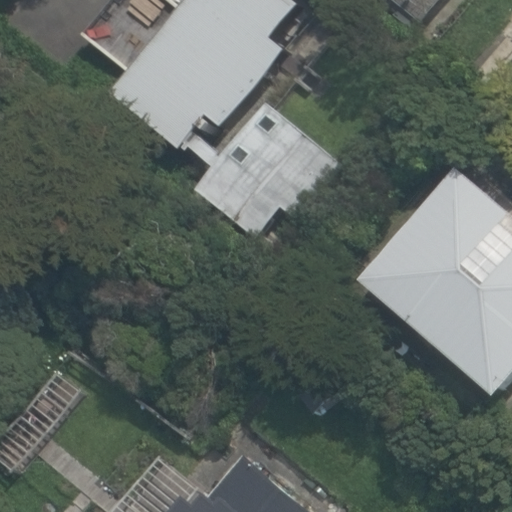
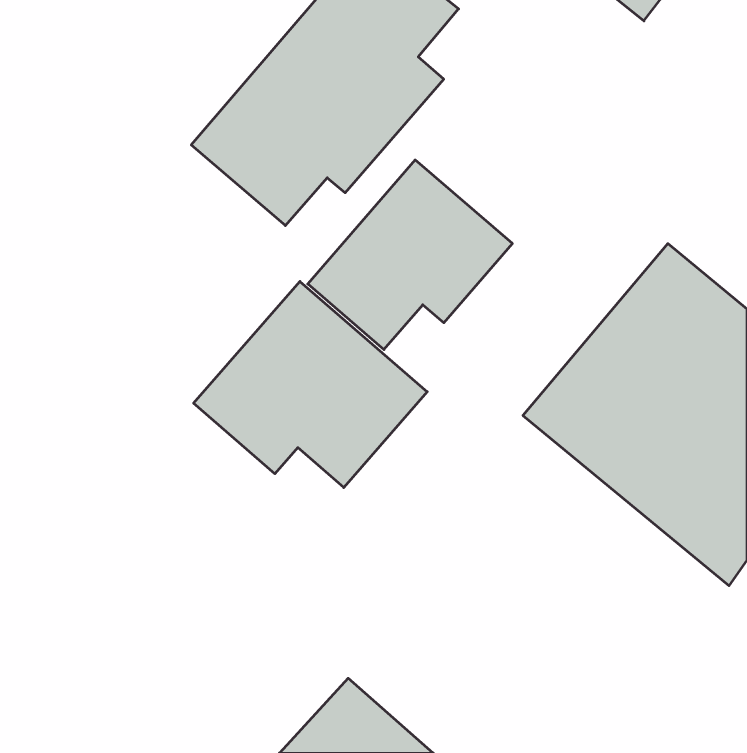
building: none -> [194,281,427,488]

